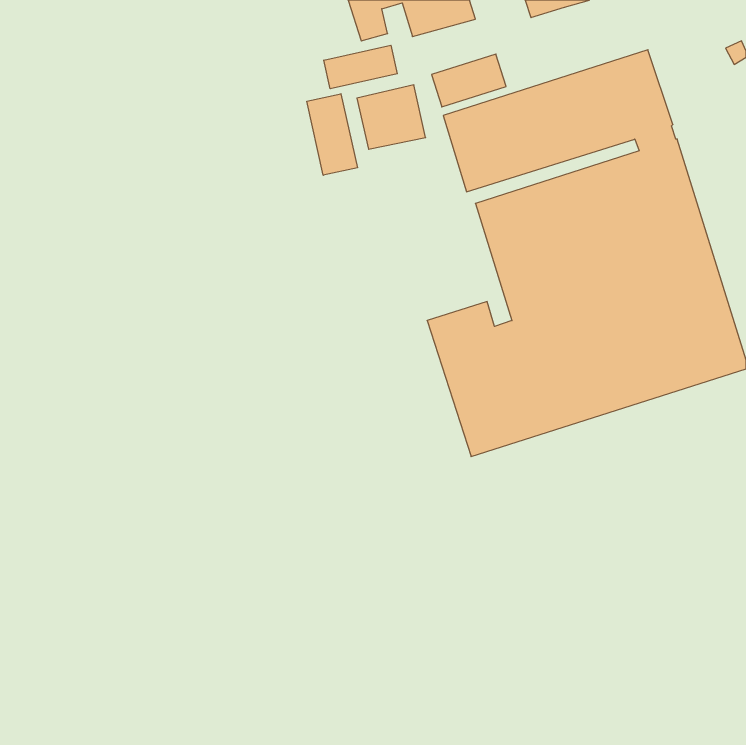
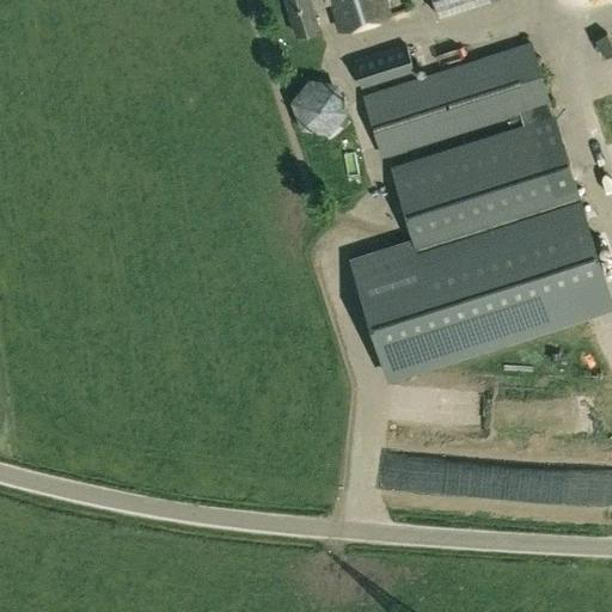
building: [324,45,397,89] -> none
building: [307,94,357,175] -> none

